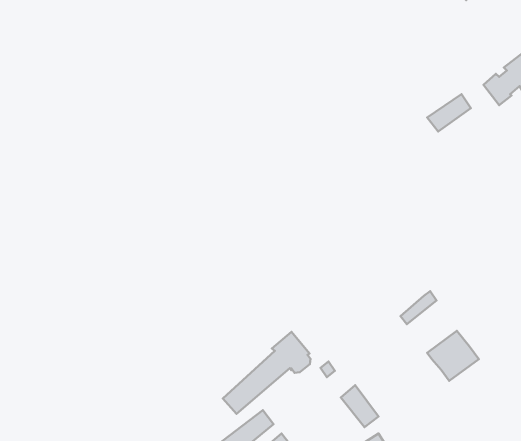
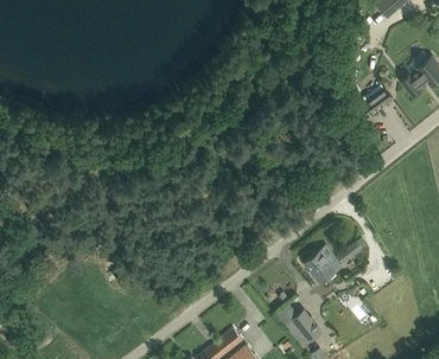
building: [427,331,479,381] -> [303,245,342,283]
building: [223,332,310,414] -> none

